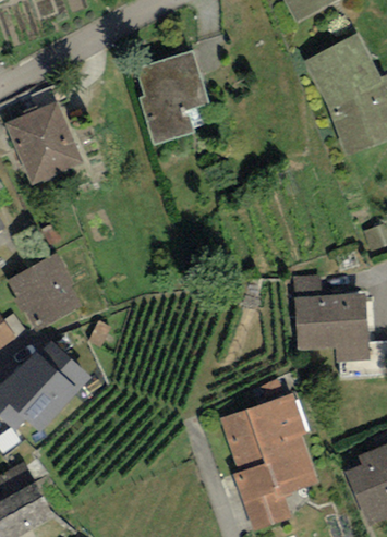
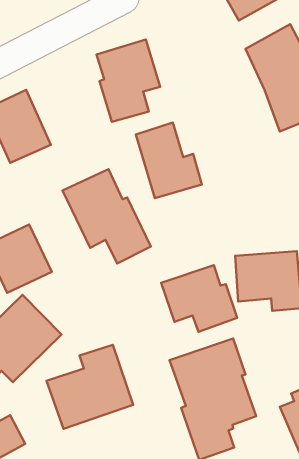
building: none -> [136,123,202,198]
building: none -> [63,169,151,264]
building: none -> [161,265,237,332]
building: none -> [46,345,133,429]

